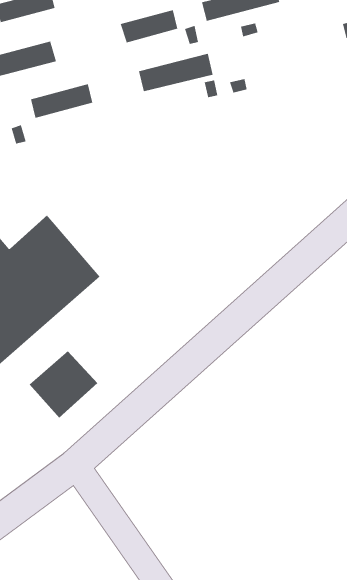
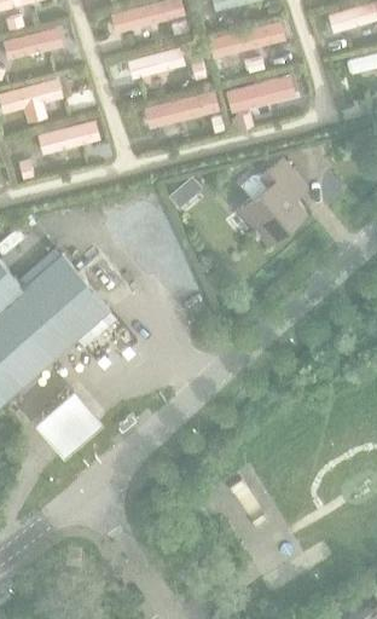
building: none -> [225,76,297,114]
building: none -> [237,161,306,247]

